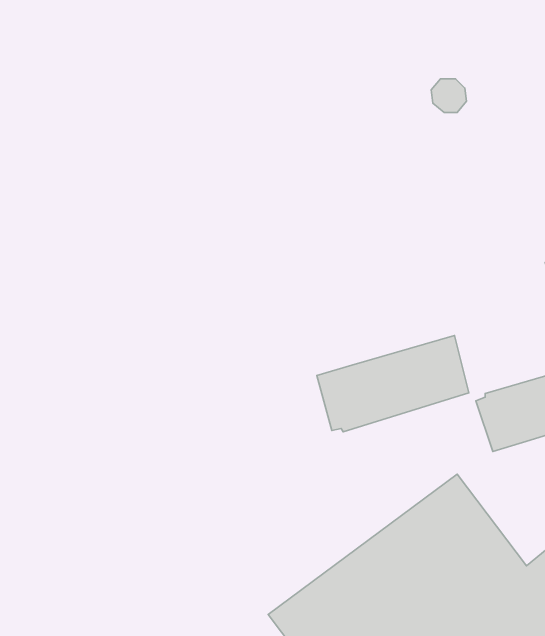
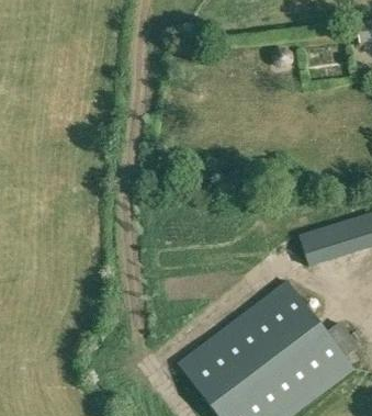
building: [317,336,469,432] -> none

